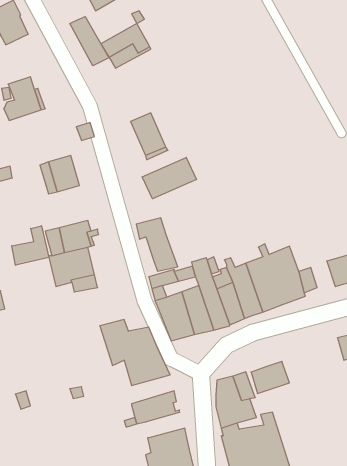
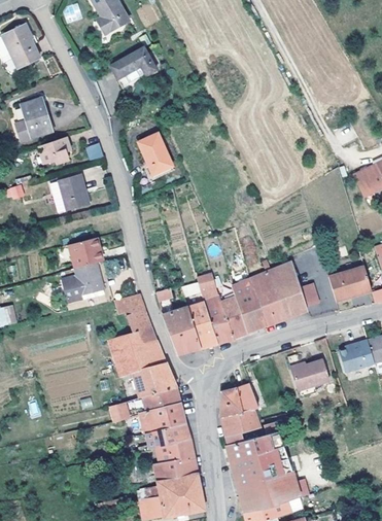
building: [70,17,109,66] -> none
building: none -> [38,136,71,163]
building: [142,157,196,199] -> none
building: [136,218,178,271] -> [115,292,155,344]
building: [12,226,49,265] -> none
building: [251,361,289,393] -> [291,359,328,390]
building: none -> [109,386,180,420]
building: none -> [152,422,190,447]

